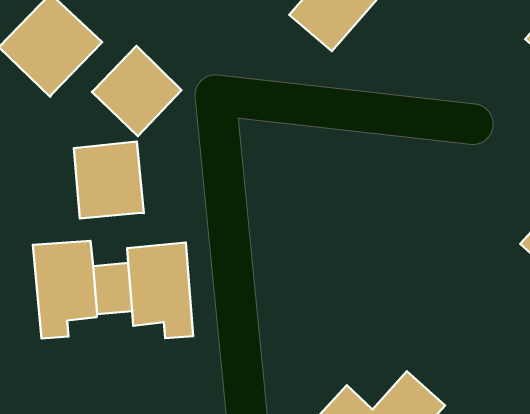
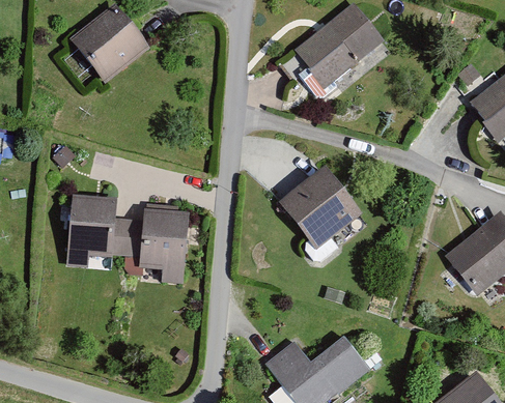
building: [92,46,182,136] -> none
building: [74,142,144,219] -> none
building: none -> [278,165,362,249]

